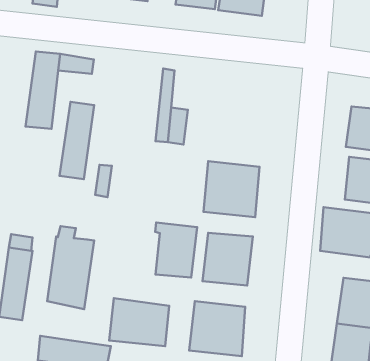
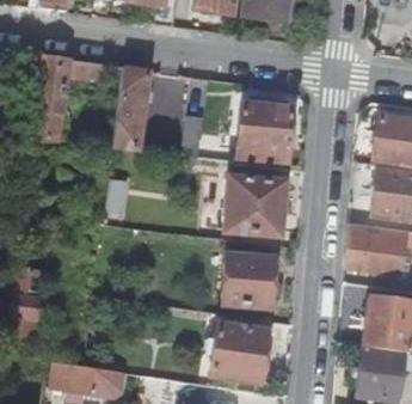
building: none -> [235,91,293,165]
building: [59,102,94,179] -> [113,67,150,149]
building: [155,222,197,277] -> none
building: [47,226,94,309] -> none
building: [109,298,169,346] -> none

